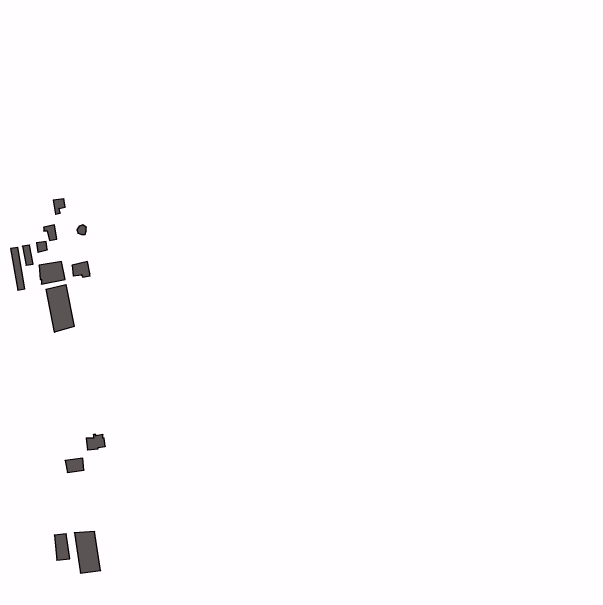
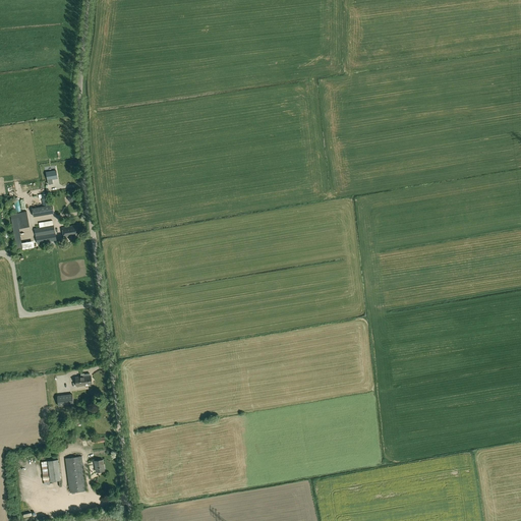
building: [46,285,74,332] -> none

